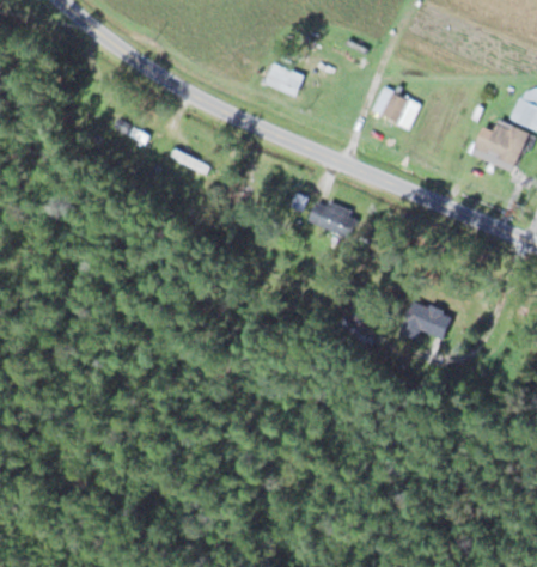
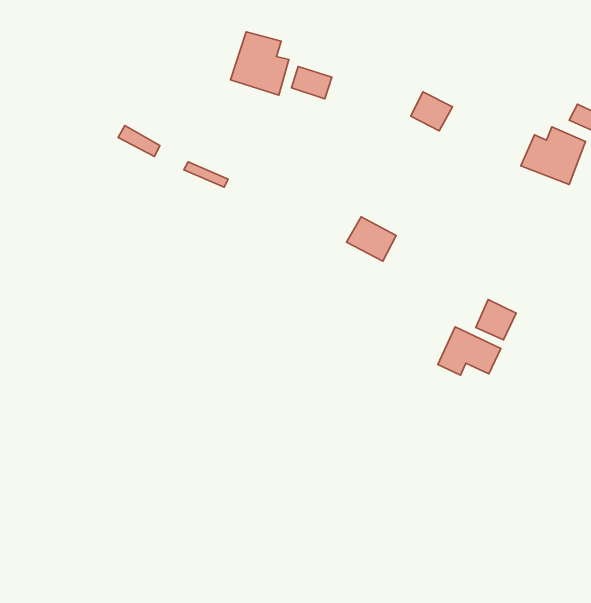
building: none -> [230,32,289,95]
building: none -> [476,300,516,340]

